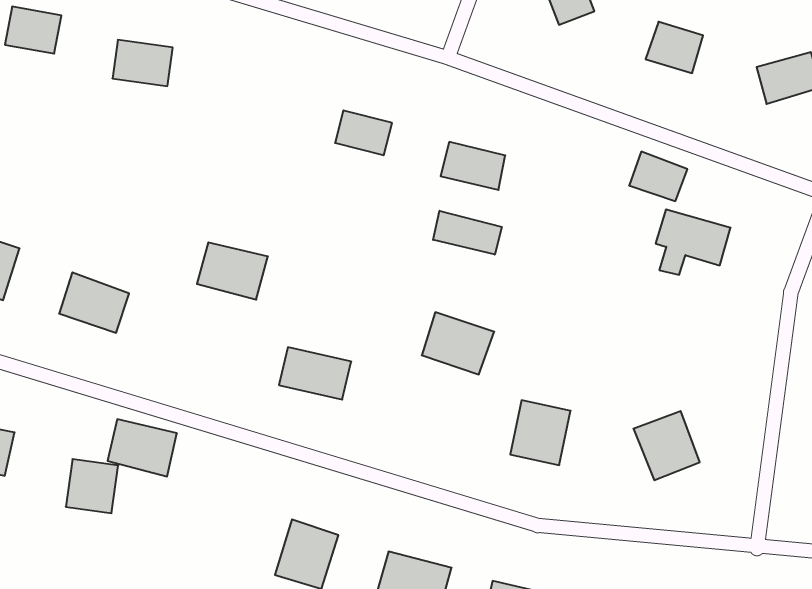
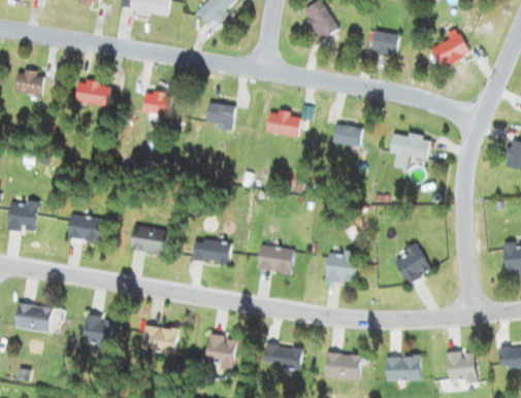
building: none -> [141,91,172,117]
building: [629,152,687,201] -> [332,123,363,147]
building: [433,211,502,255] -> none
building: [197,242,268,300] -> [130,226,167,254]
building: [422,312,494,374] -> [257,243,295,274]
building: [108,419,177,477] -> [141,326,177,354]

